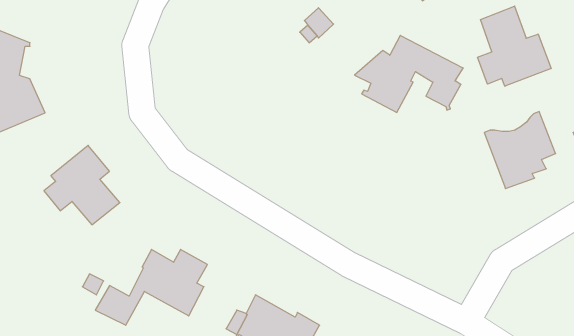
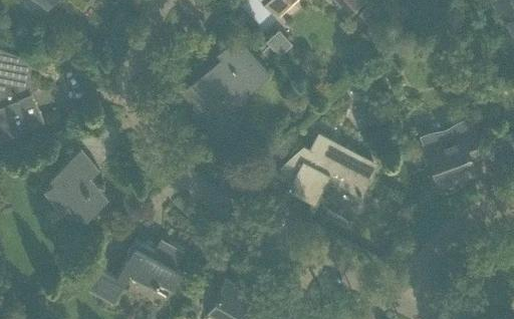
building: [478,6,551,86] -> none
building: none -> [186,40,270,122]
building: [355,35,463,112] -> [281,137,374,204]

